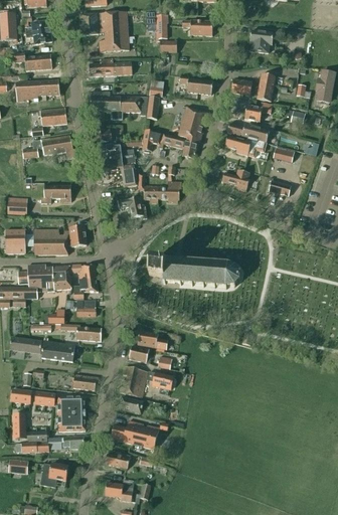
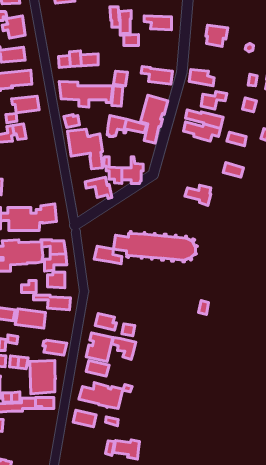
building: [79,11,129,52] -> none
building: [257,73,276,102] -> none
building: [50,135,76,157] -> none
building: [221,169,249,191] -> [185,185,211,205]
building: [41,185,71,203] -> none
building: [137,330,167,349] -> [94,246,122,264]
building: [40,463,68,487] -> none
building: [105,481,133,502] -> [114,440,139,459]

